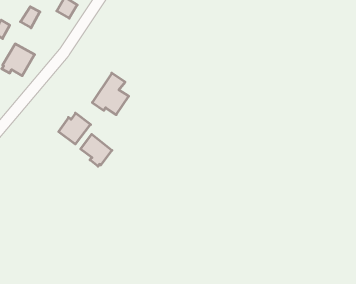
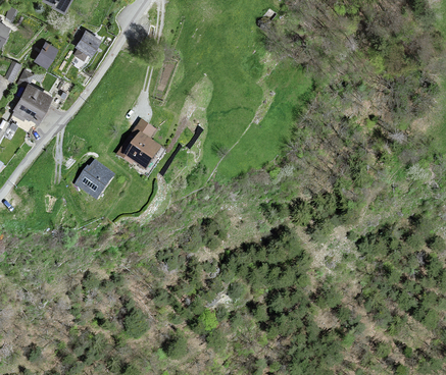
building: [81,134,112,166] -> none

